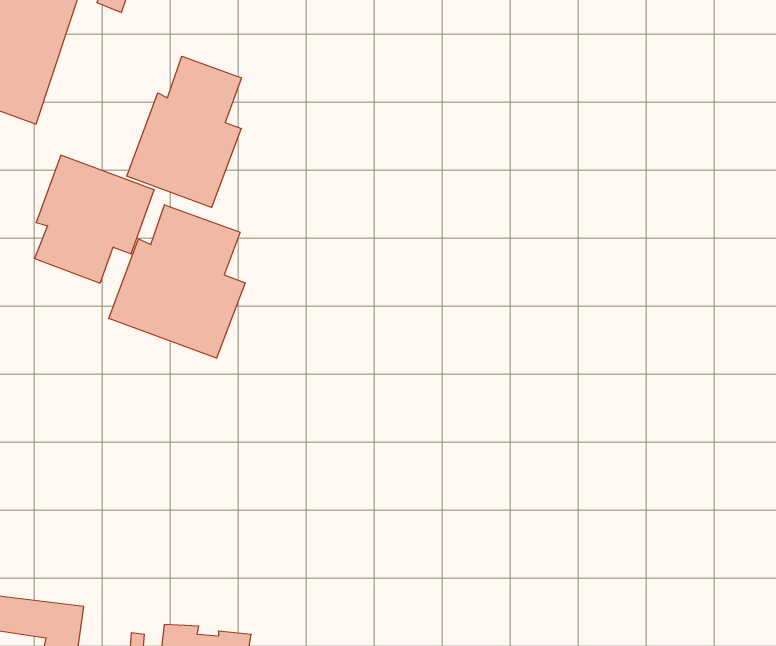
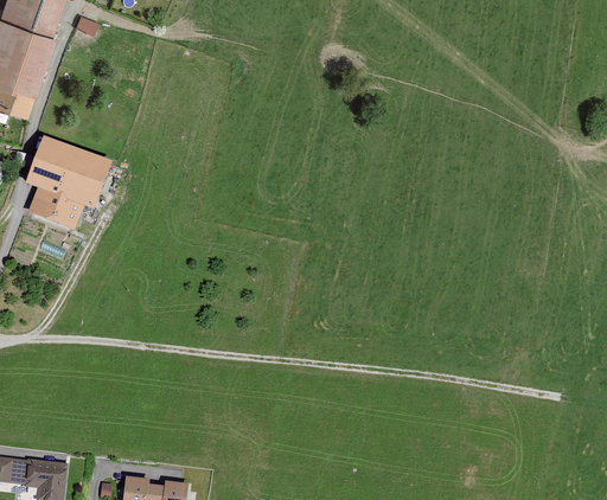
building: [127,56,242,207] -> none
building: [109,205,245,358] -> none

